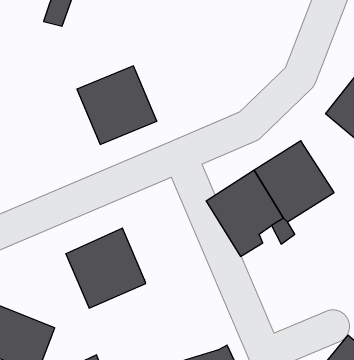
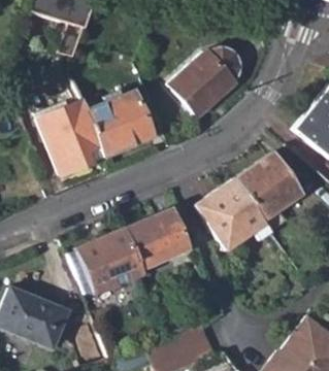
building: none -> [171,55,241,119]
building: none -> [38,98,106,174]
building: none -> [125,206,190,269]

